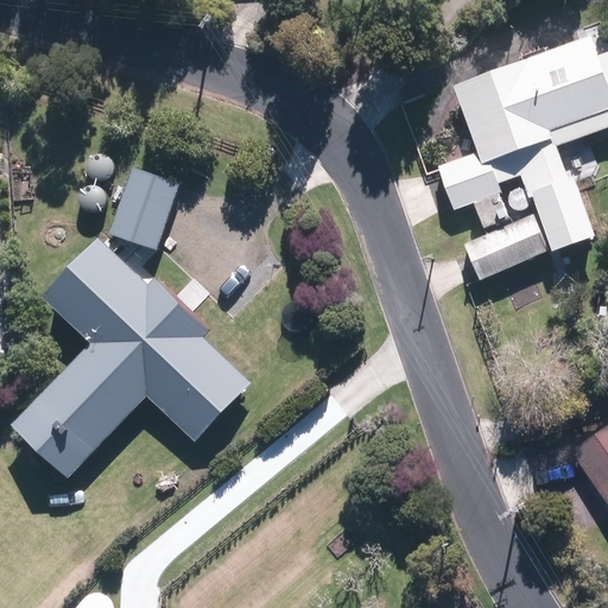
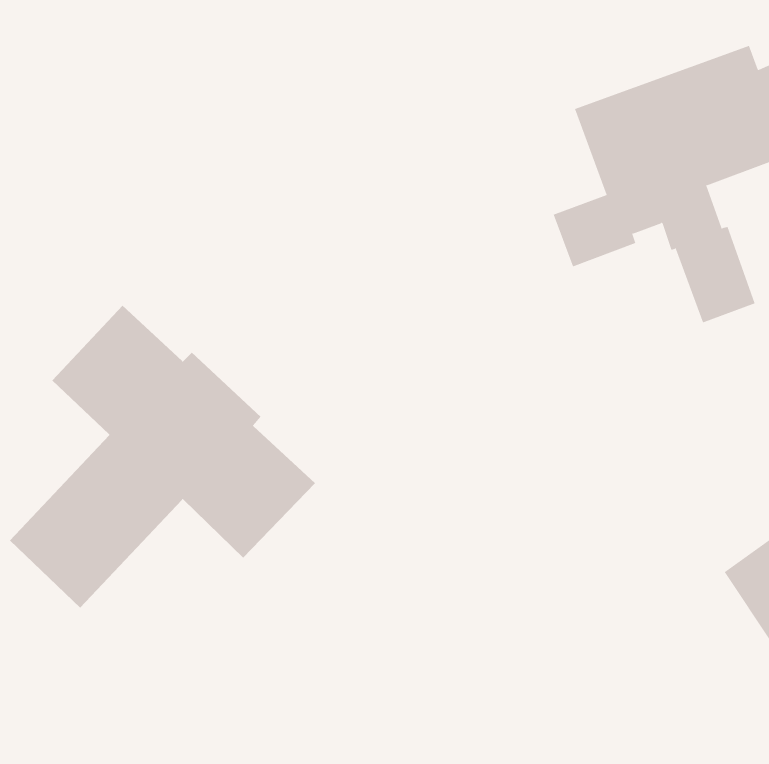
building: [109,167,179,251] -> none
building: [464,214,549,280] -> none

